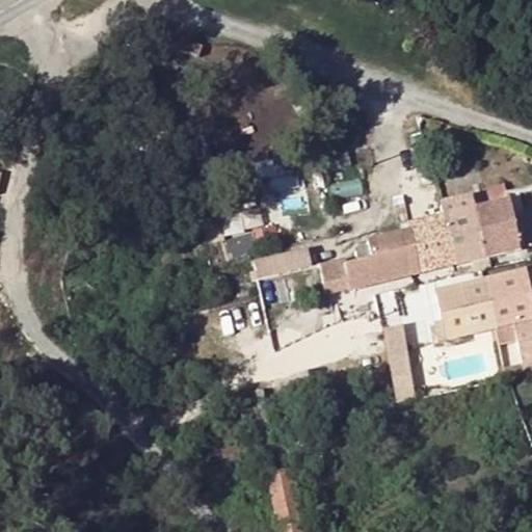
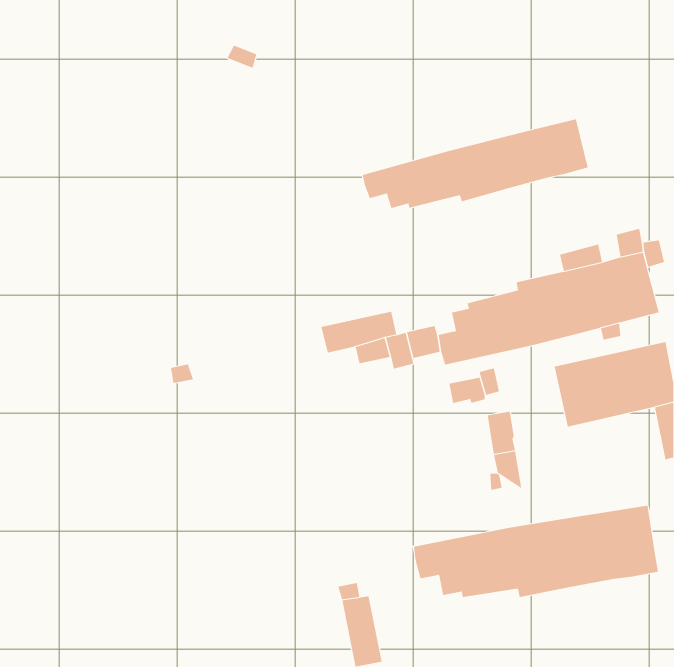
building: none -> [362,118,588,209]
building: none -> [413,505,659,598]

